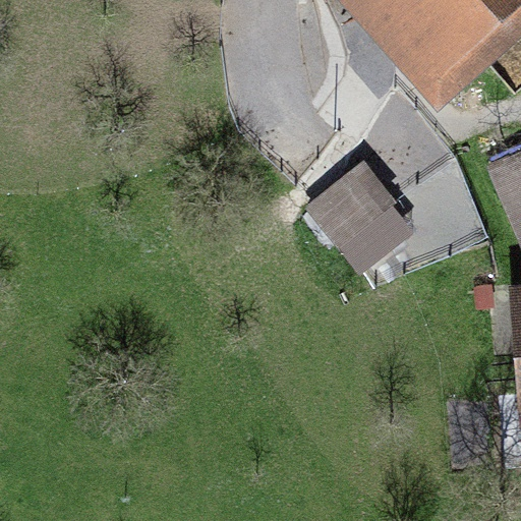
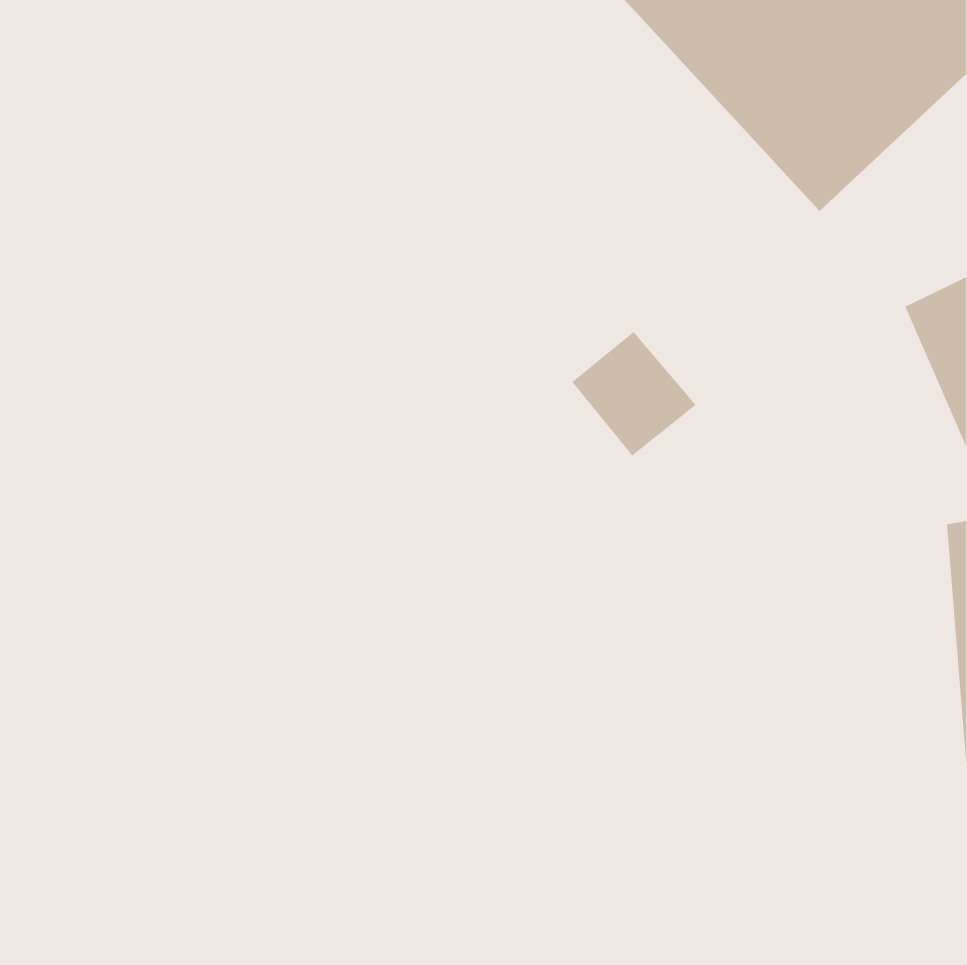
building: [339,158,414,272] -> none

